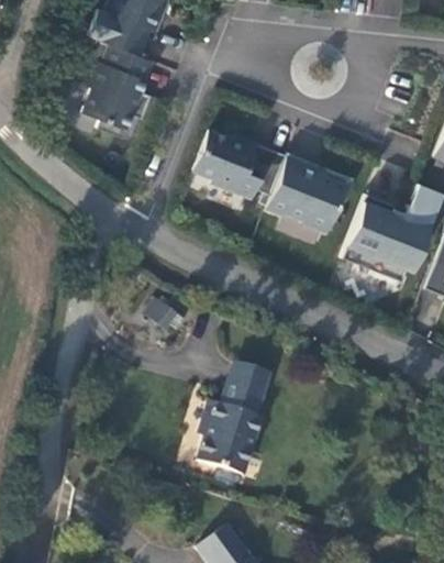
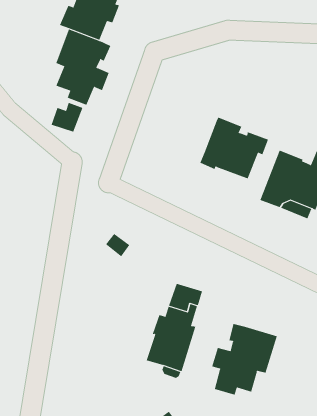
building: [192,131,287,200] -> none
building: none -> [51,102,83,133]
building: none -> [211,323,278,396]

